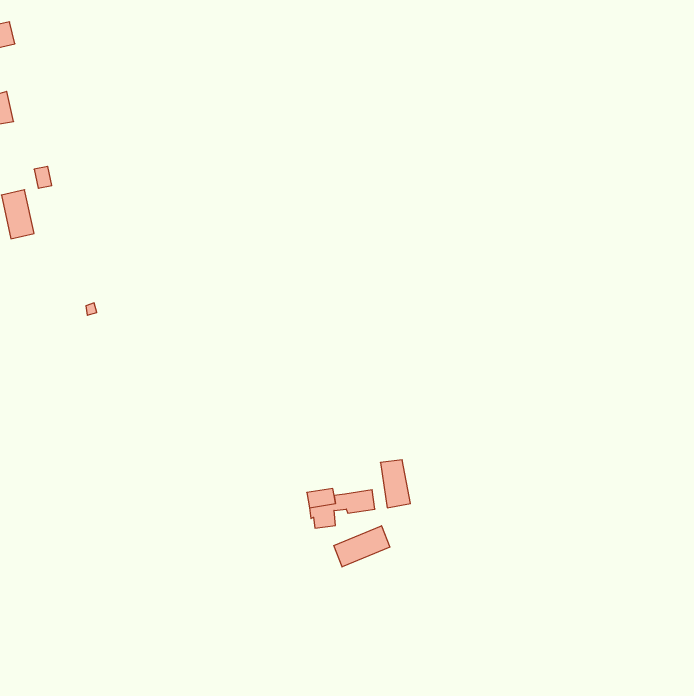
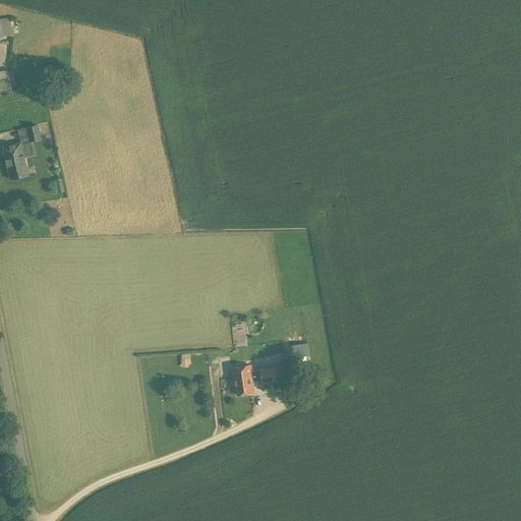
building: [334,526,390,567] -> none

